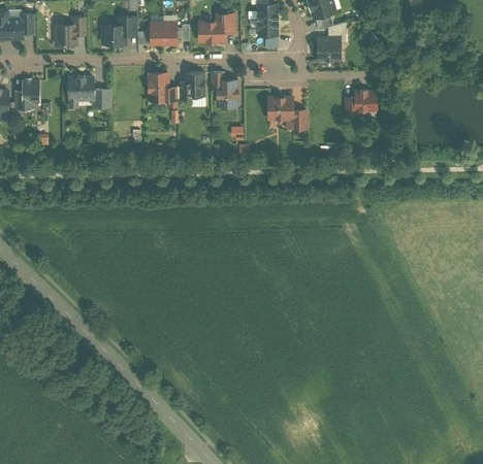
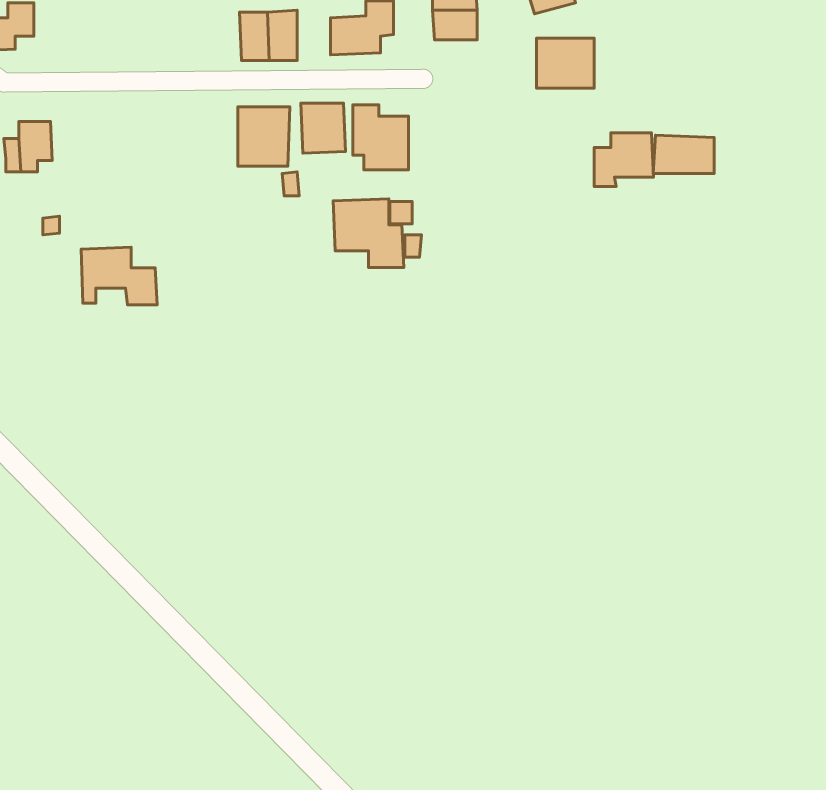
building: [55,18,86,46] -> none
building: [102,19,132,44] -> none
building: [69,77,111,109] -> [81,247,157,305]
building: none -> [653,135,714,174]
building: [265,92,304,130] -> [333,199,404,268]

